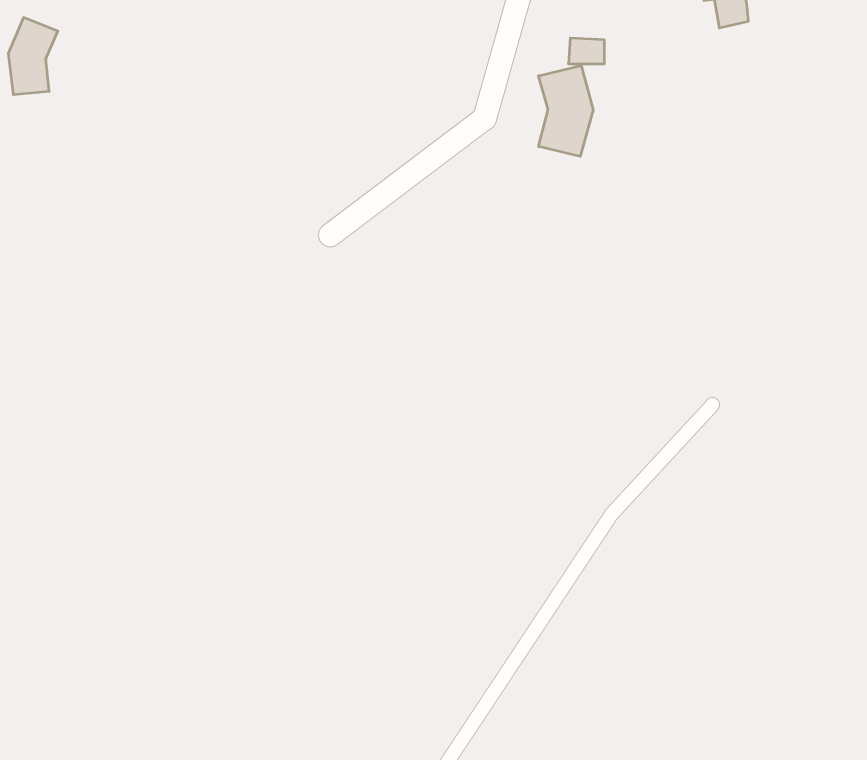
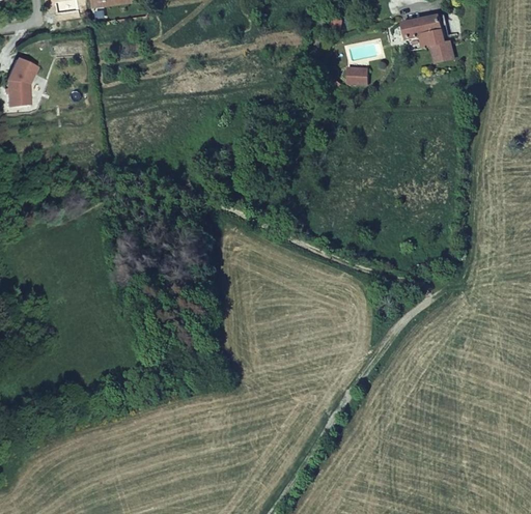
building: [539,66,593,156] -> none

